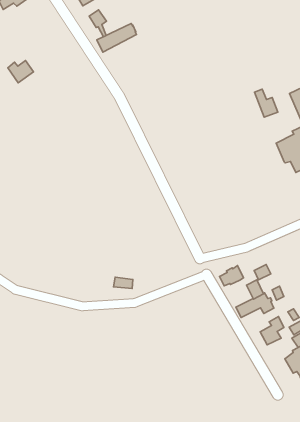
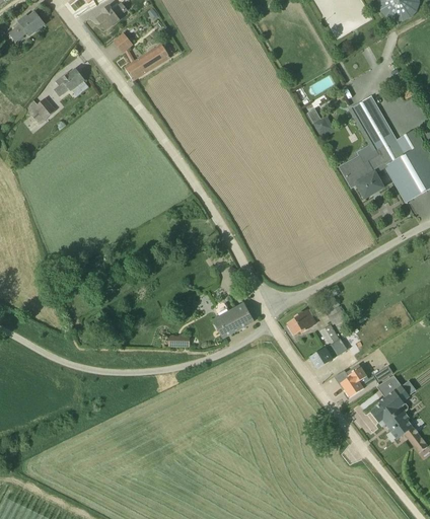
building: none -> [53,69,83,96]
building: none -> [214,303,253,337]

